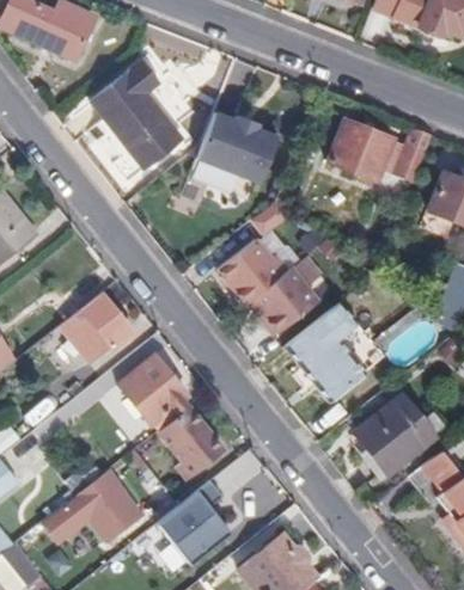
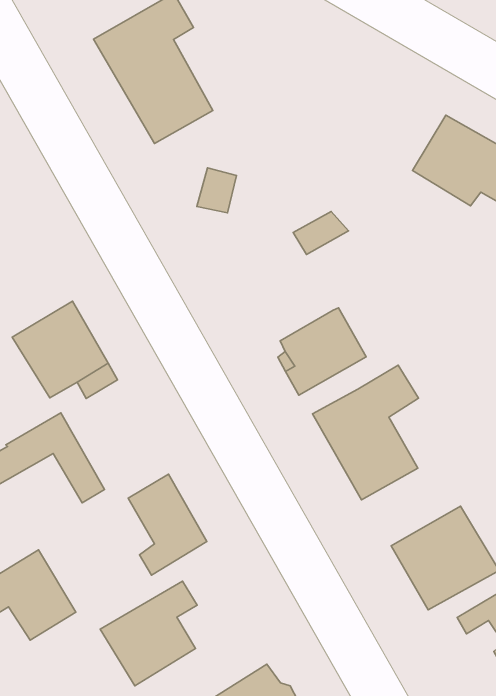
building: [197,111,279,182] -> none
building: [219,238,289,305] -> none
building: [120,354,187,422] -> none

